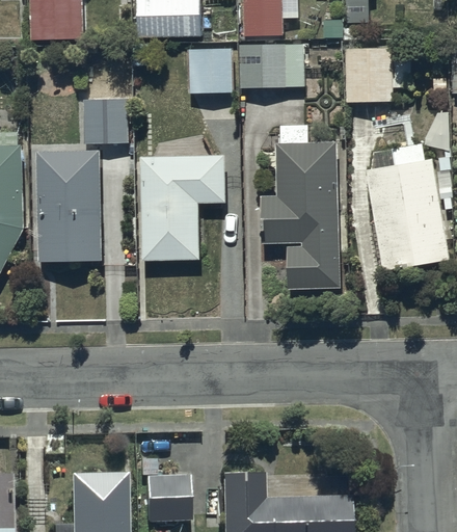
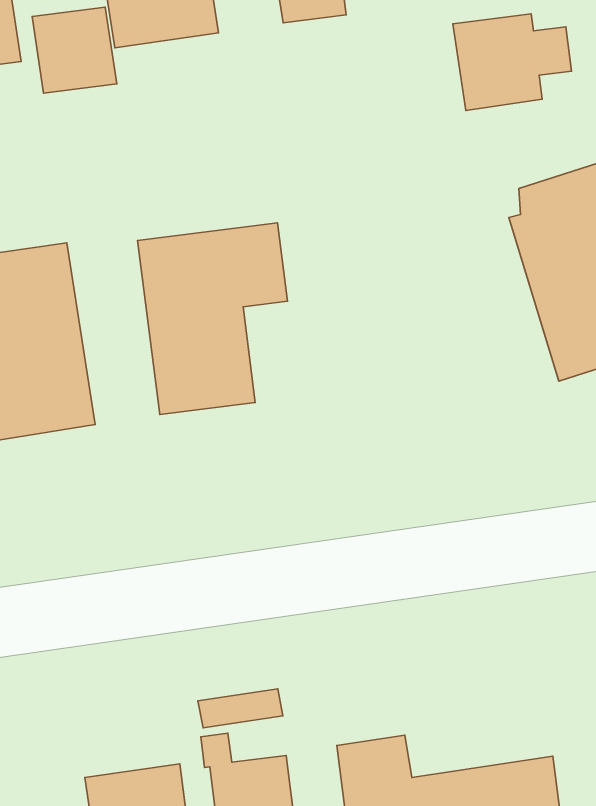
building: [241,44,306,88] -> none
building: [188,48,233,94] -> none
building: [84,97,130,143] -> [32,7,117,93]
building: [260,126,341,290] -> none

